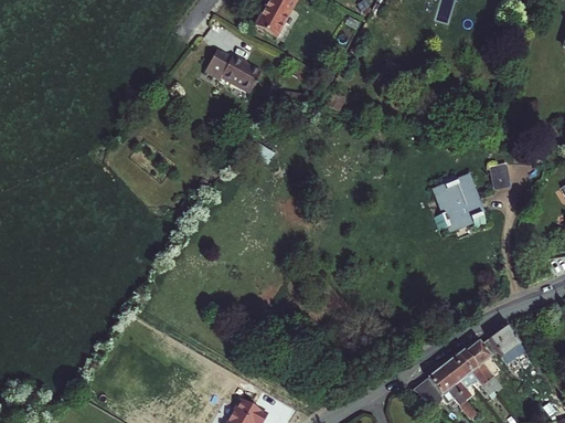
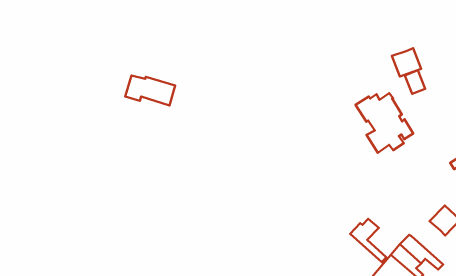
building: [206,49,264,89] -> [125,75,175,105]
building: none -> [392,48,421,77]
building: [466,334,501,384] -> [350,219,386,262]

